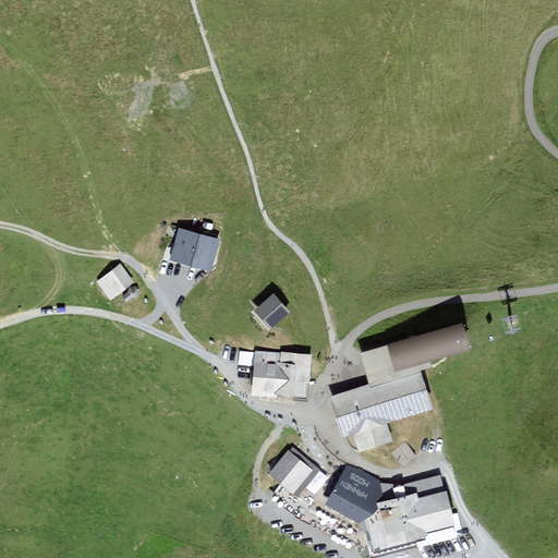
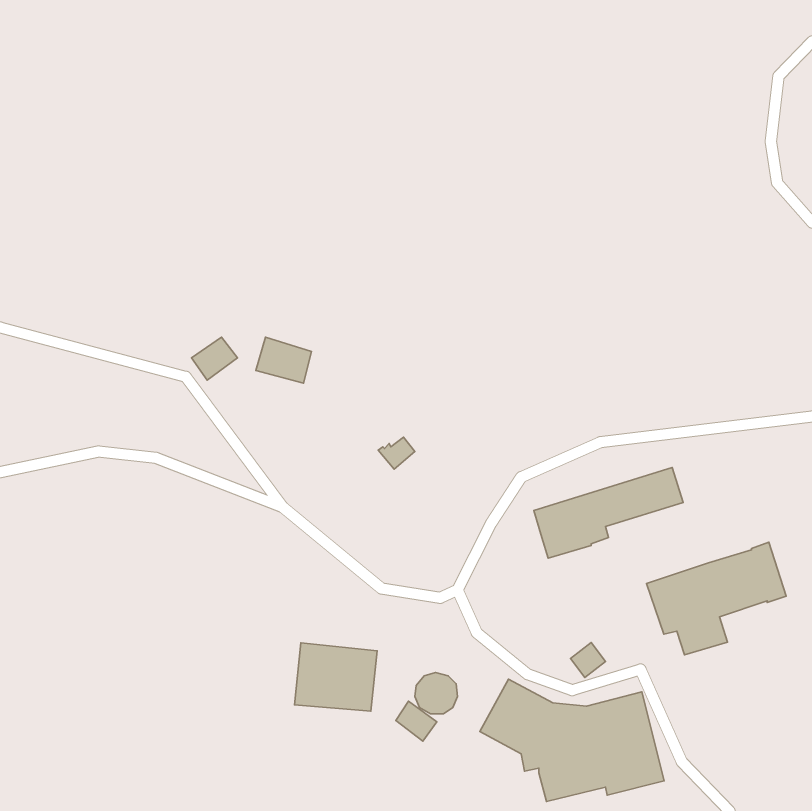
building: [99,266,131,295] -> [191,337,237,380]
building: [254,350,311,397] -> [295,643,377,711]
building: [333,368,429,446] -> [646,542,786,655]

